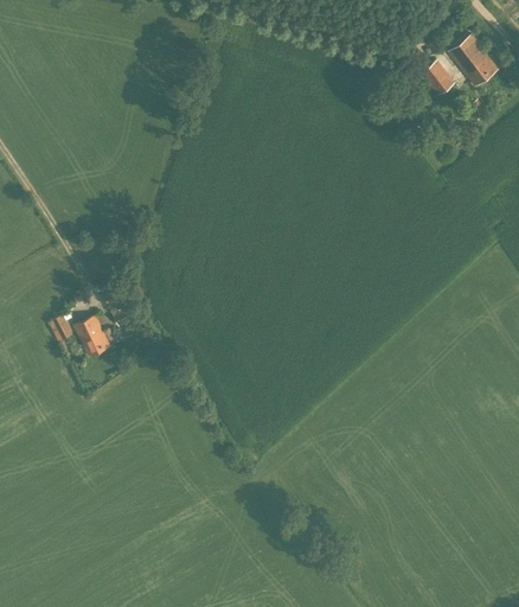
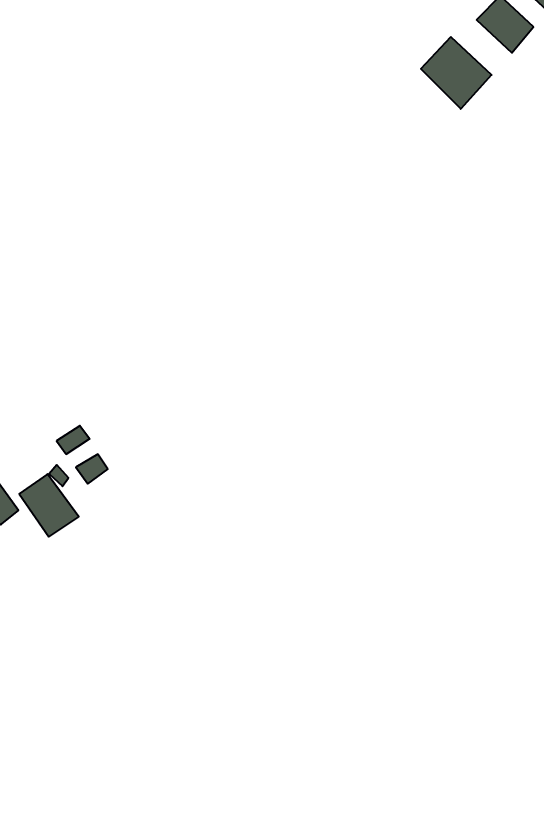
building: none -> [421,37,492,109]

